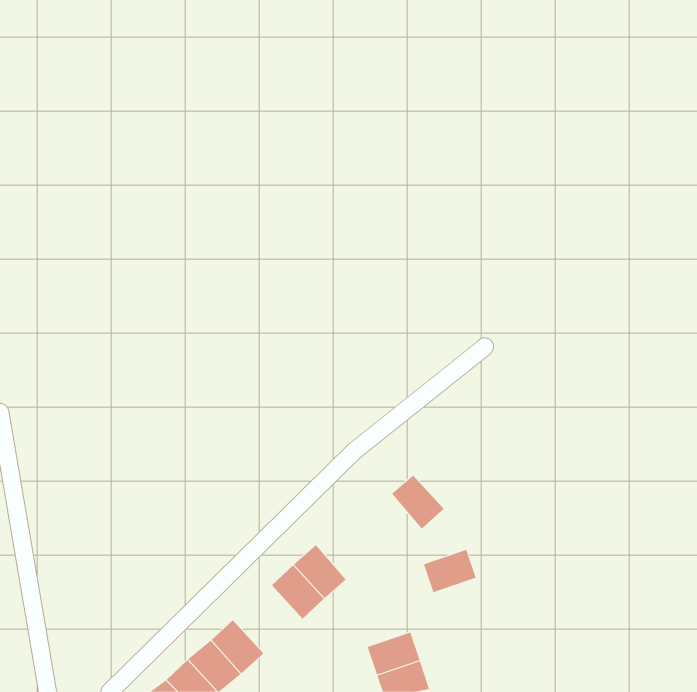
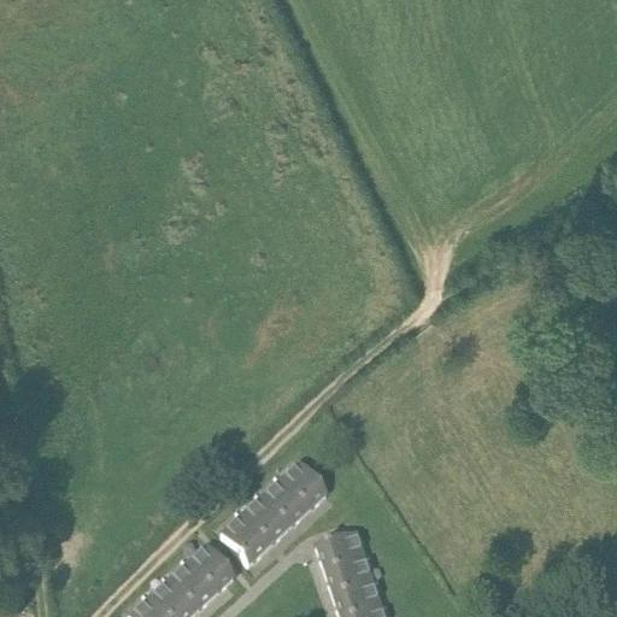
building: [391,475,445,530] -> [281,462,328,510]
building: [423,549,477,593] -> [317,530,364,569]
building: none -> [222,515,269,563]

